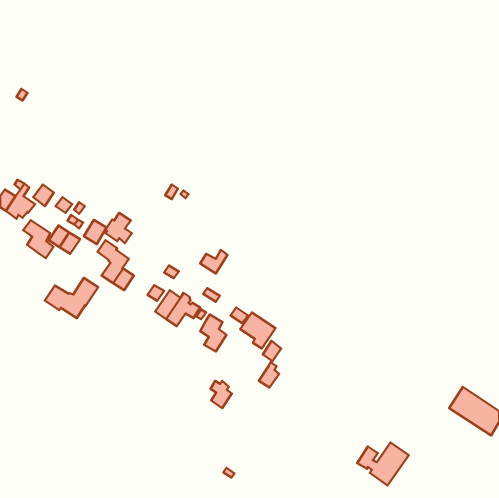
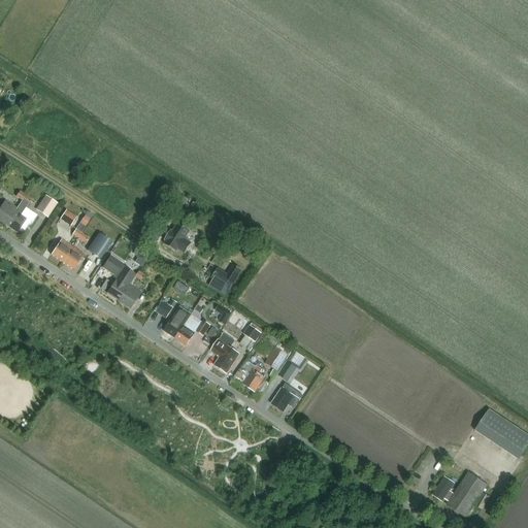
building: [105,213,132,243] -> [164,222,192,254]
building: [23,220,54,258] -> none
building: [45,278,98,318] -> none
building: [210,381,232,408] -> [243,362,266,391]
building: [357,443,409,485] -> [432,472,487,518]

